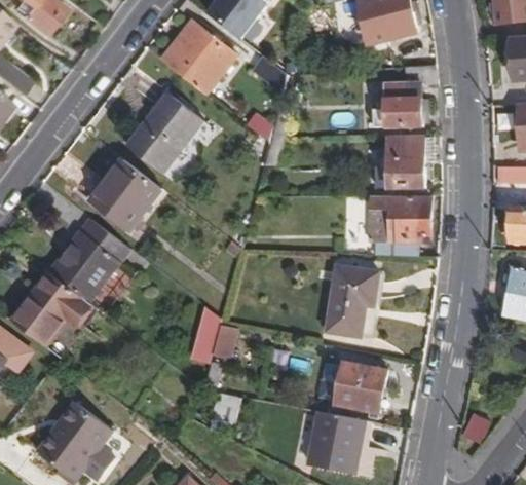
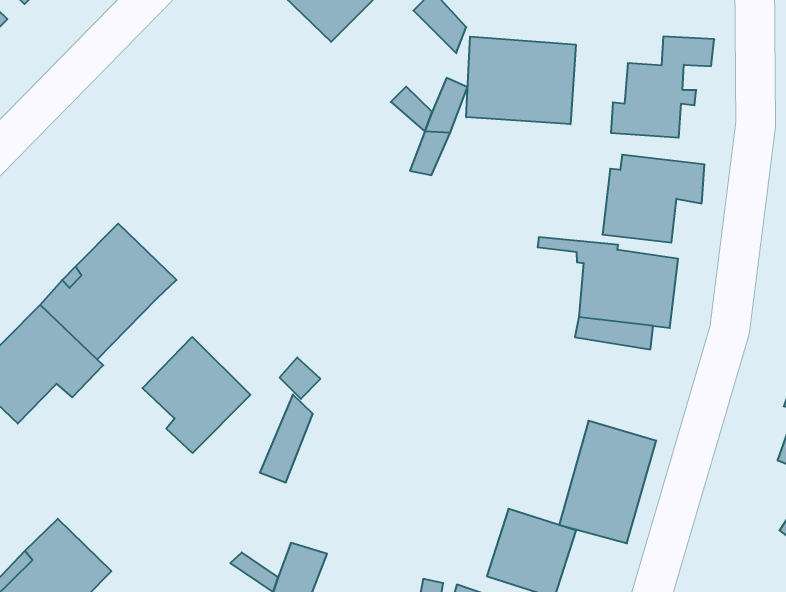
building: none -> [466,37,576,124]
building: [126,92,202,173] -> none
building: [91,159,161,229] -> none
building: [327,267,379,338] -> [559,421,656,543]
building: none -> [142,337,250,453]

